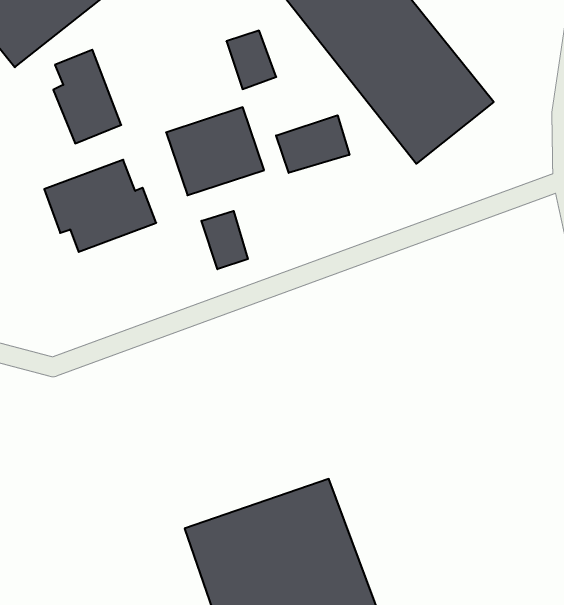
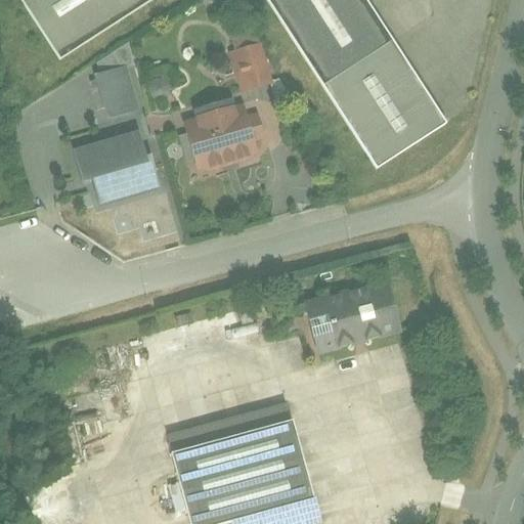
building: [276,115,349,173] -> none
building: [201,211,248,269] -> none
building: none -> [310,277,403,348]

